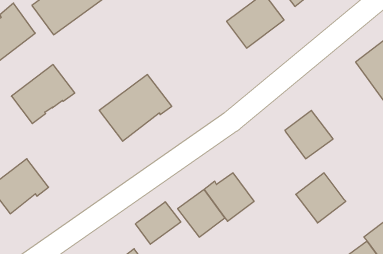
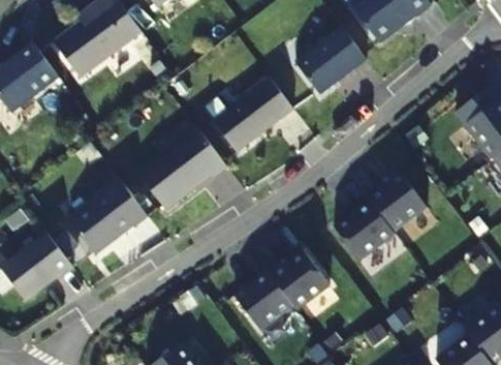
building: none -> [212,77,293,152]
building: [11,65,75,124] -> [68,180,147,253]
building: [296,173,346,223] -> [333,199,395,261]
building: [135,202,181,244] -> none

